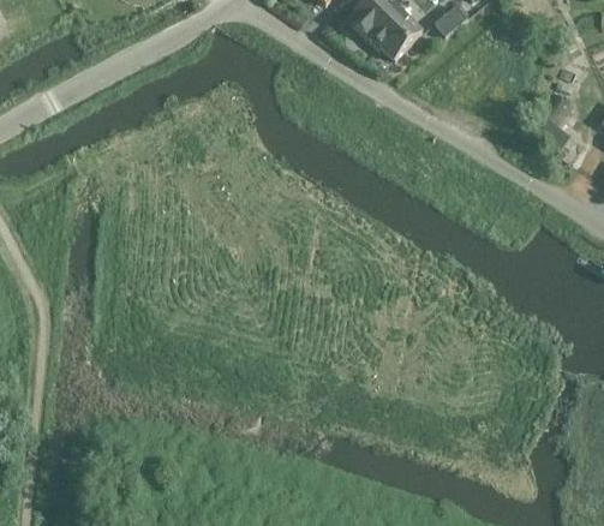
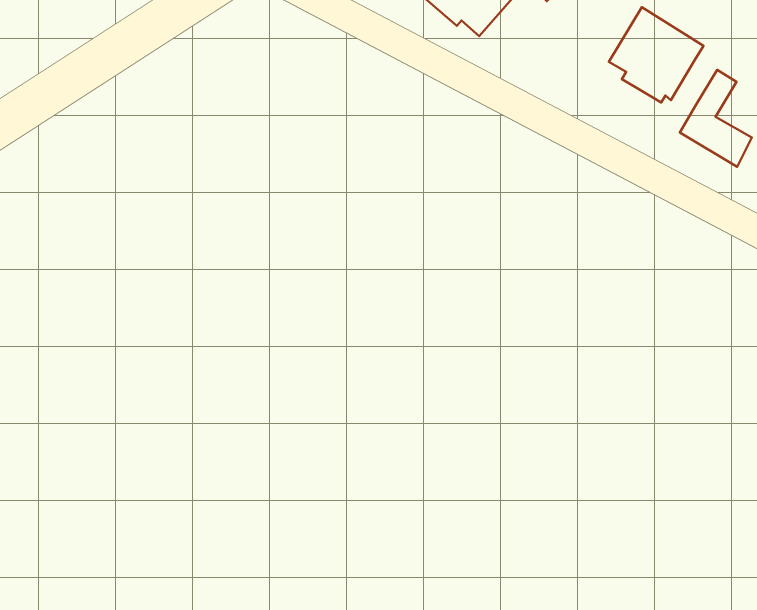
building: none -> [609,7,703,103]

